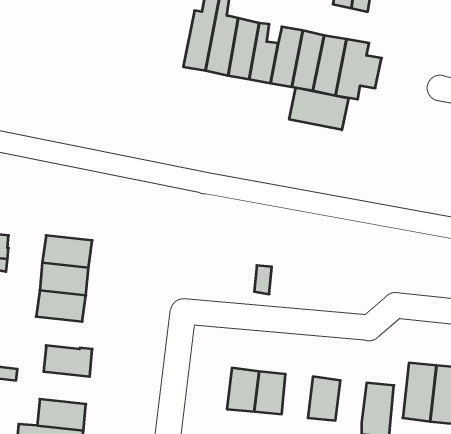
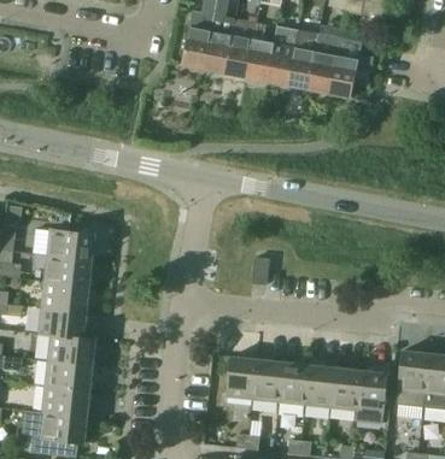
building: [289,88,348,130] -> none
building: none -> [37,307,84,339]
building: none -> [43,360,92,392]
building: none -> [277,363,308,405]
building: none -> [329,369,359,410]

